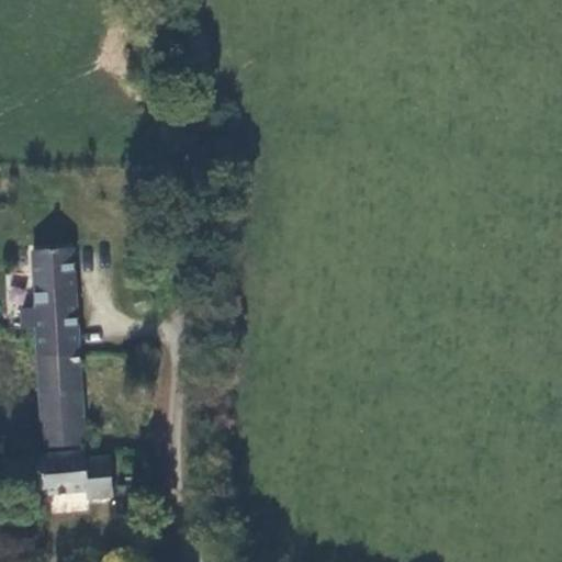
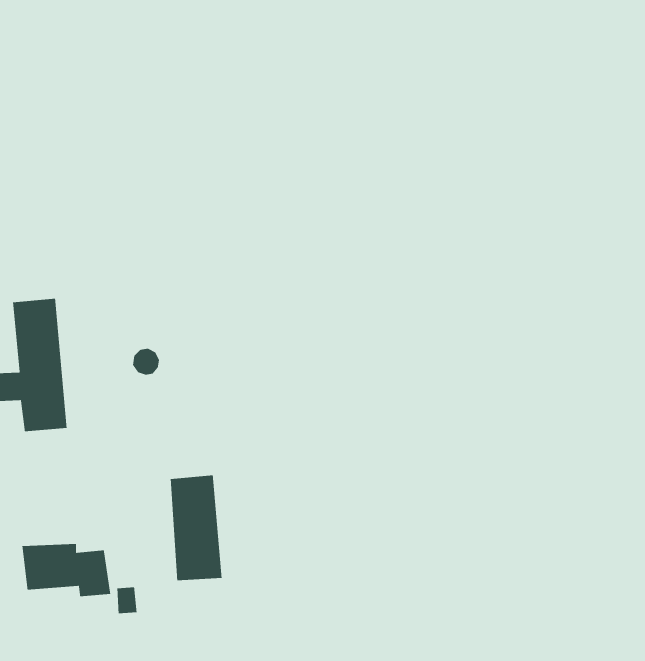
building: [41,358,85,447] -> [170,474,223,581]

